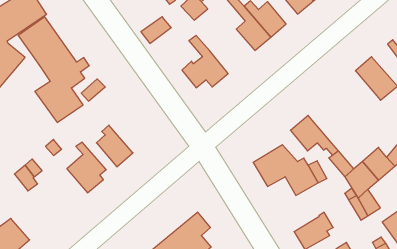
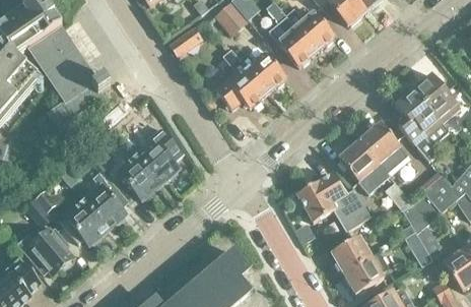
building: none -> [247,51,286,93]
building: none -> [394,89,442,162]
building: none -> [359,123,406,172]
building: none -> [132,139,178,183]
building: none -> [61,201,108,245]
building: none -> [15,230,73,277]
building: none -> [331,236,372,273]

